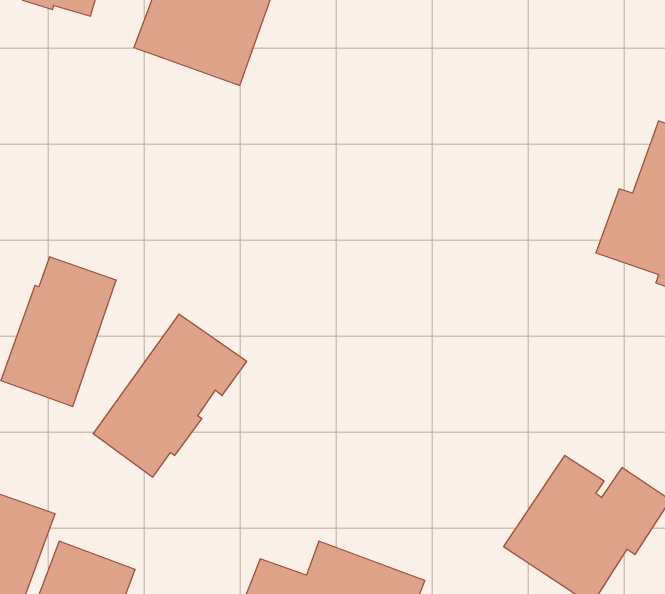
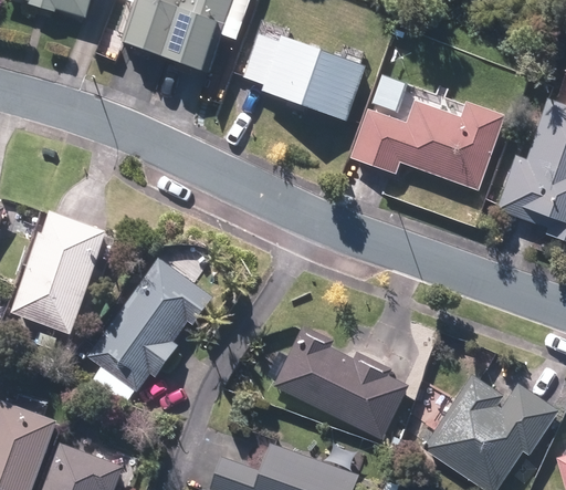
building: none -> [245,38,364,121]
building: none -> [350,101,502,189]
building: none -> [274,327,407,439]

